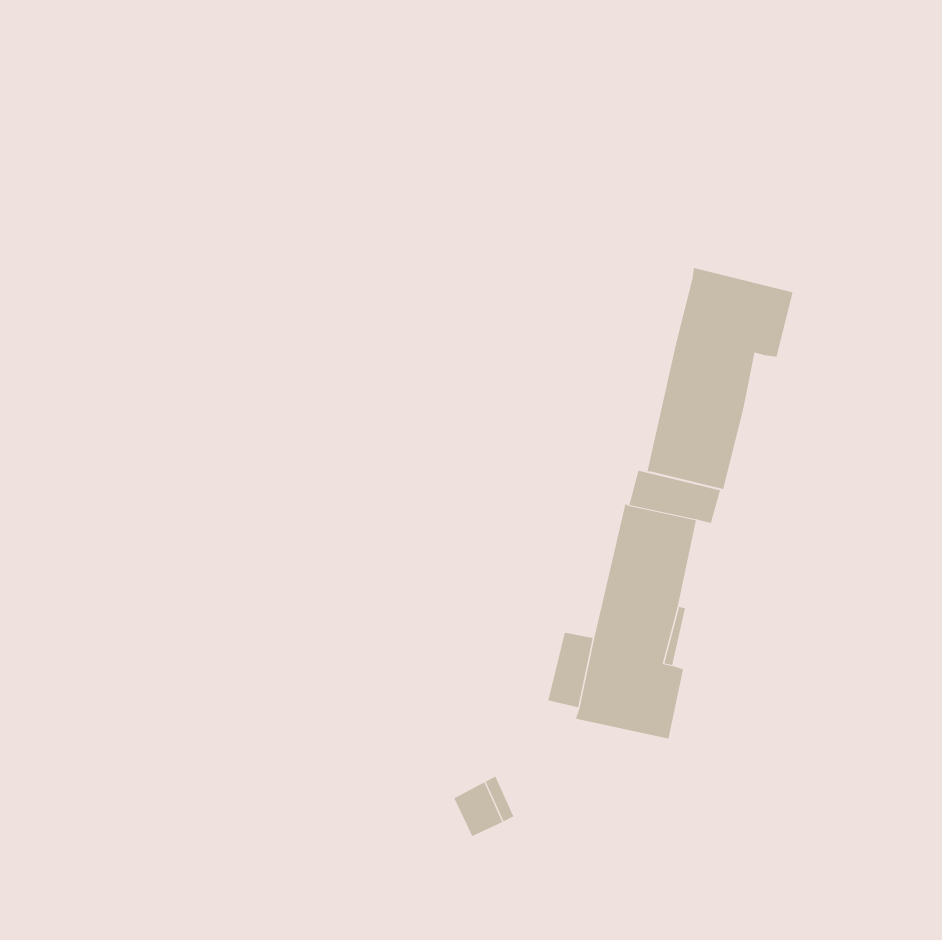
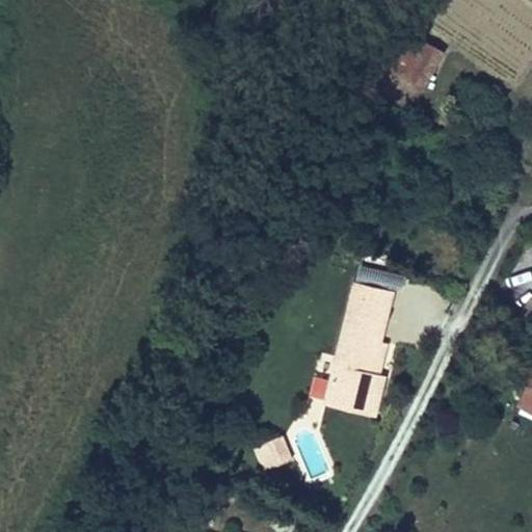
building: none -> [396,37,445,87]
building: [647,267,793,490] -> none

